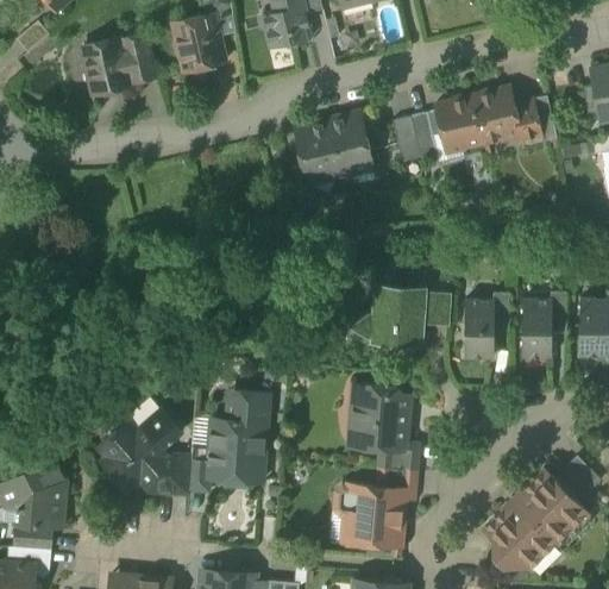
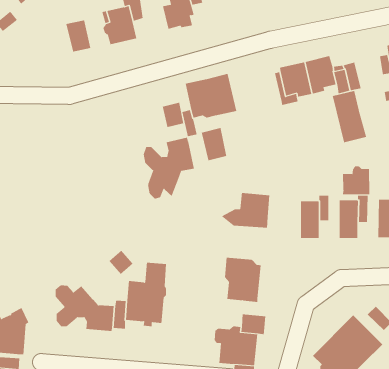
building: [82,38,130,94] -> none
building: [391,113,437,163] -> none
building: none -> [332,90,367,143]
building: none -> [162,102,184,128]
building: none -> [201,127,227,161]
building: none -> [143,137,195,199]
building: none -> [343,166,370,195]
building: [419,292,451,327] -> none
building: [143,409,180,446] -> [108,250,133,275]
building: [379,445,416,471] -> none

